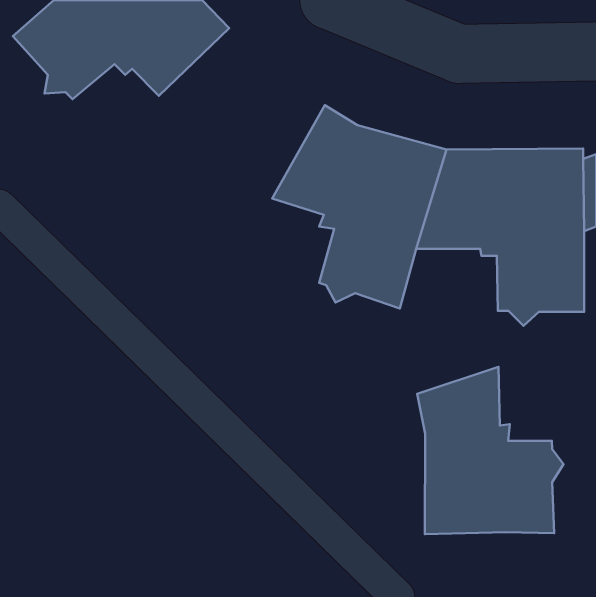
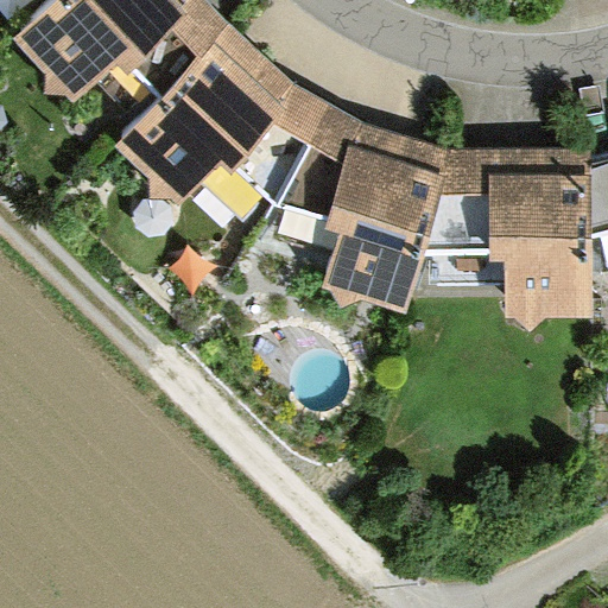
building: none -> [116,28,330,204]
building: [417,367,563,534] -> none

